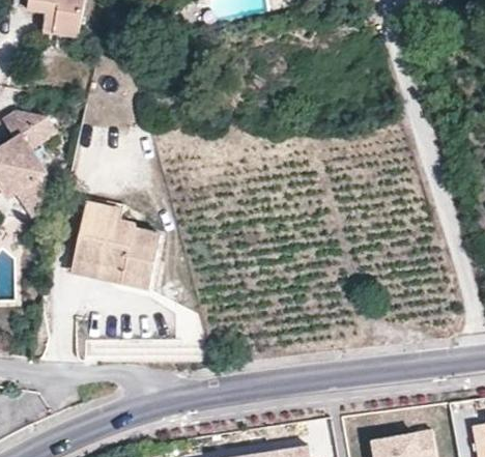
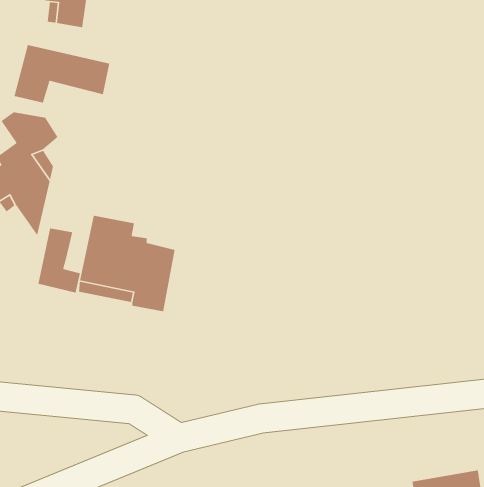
building: none -> [13,44,110,104]
building: none -> [37,227,81,294]

